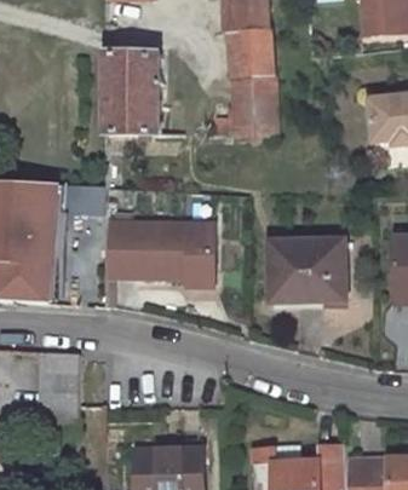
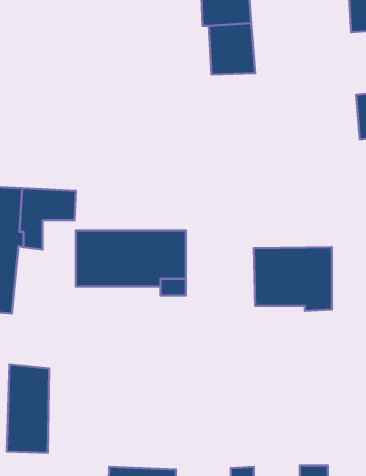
building: [104,52,160,134] -> none
building: [226,75,277,137] -> none

